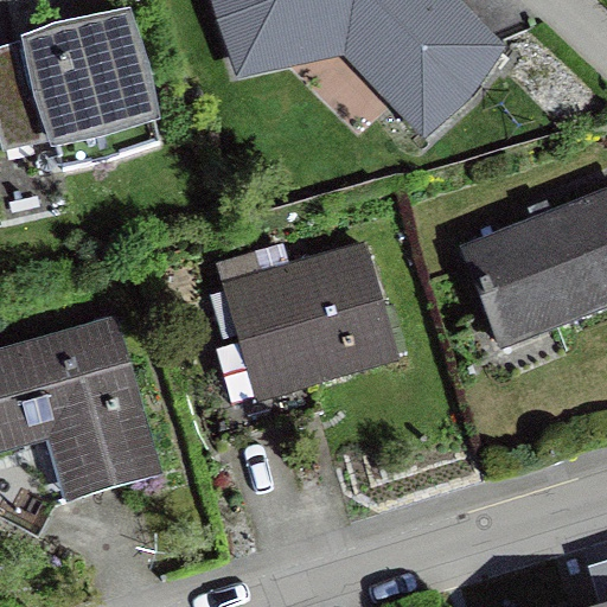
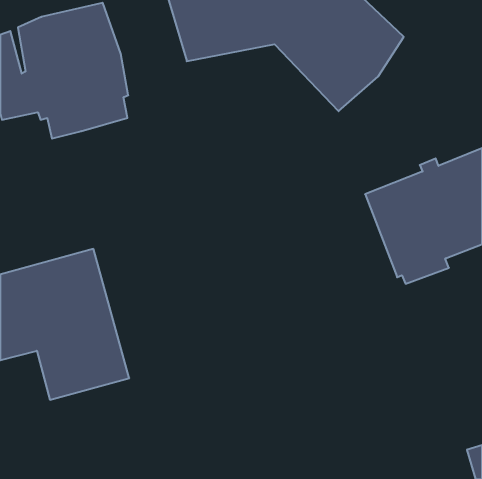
building: [204,239,401,403] -> none

